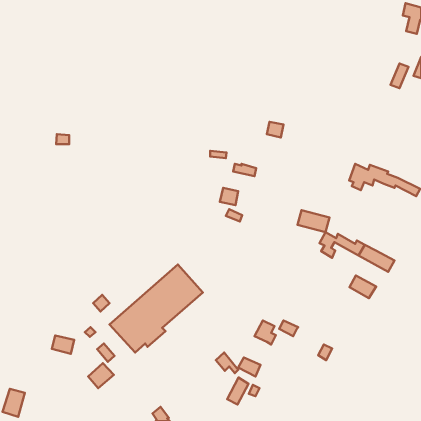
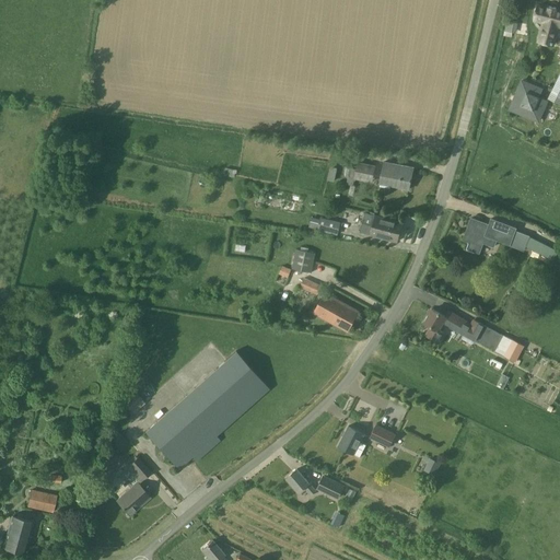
building: none -> [380,162,412,189]
building: [297,210,330,232] -> [360,212,402,242]
building: none -> [314,293,359,330]
building: [349,276,376,298] -> none
building: [52,336,74,354] -> [27,489,57,513]
building: [227,378,249,405] -> none

